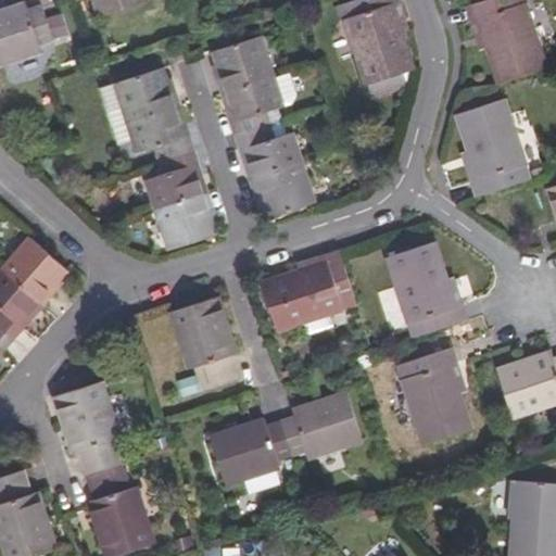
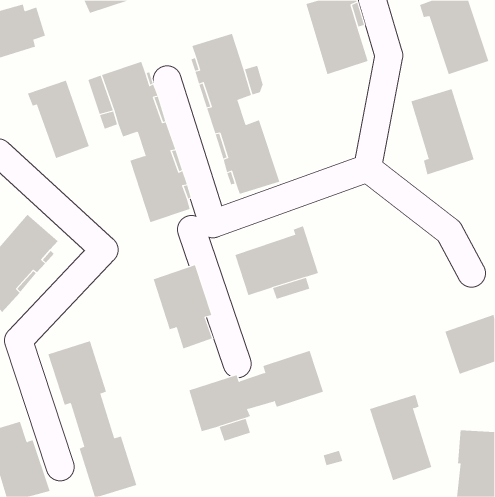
building: none -> [27,80,90,159]
building: [388,241,466,336] -> none
building: [399,348,469,444] -> [369,394,432,481]

